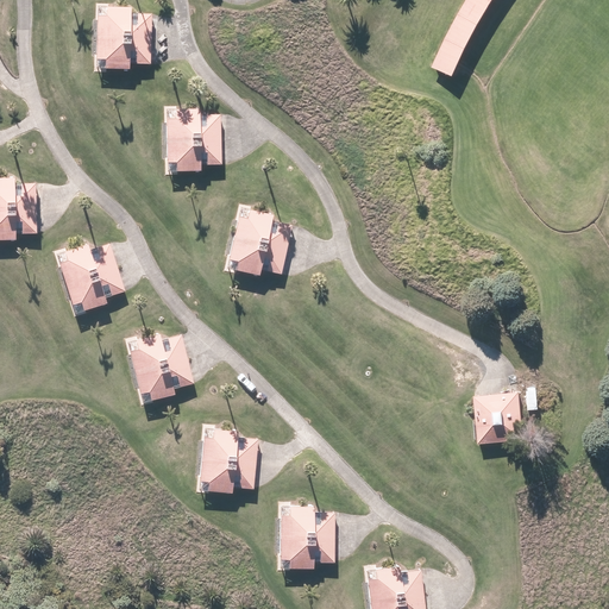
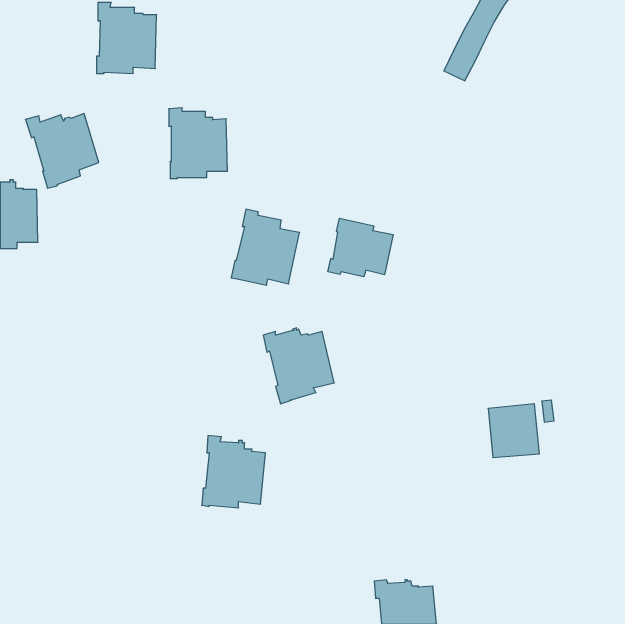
building: none -> [328,218,393,277]
building: [54,244,125,316] -> [25,114,99,188]
building: [125,332,194,406] -> [263,328,334,404]
building: [277,501,335,570] -> none

